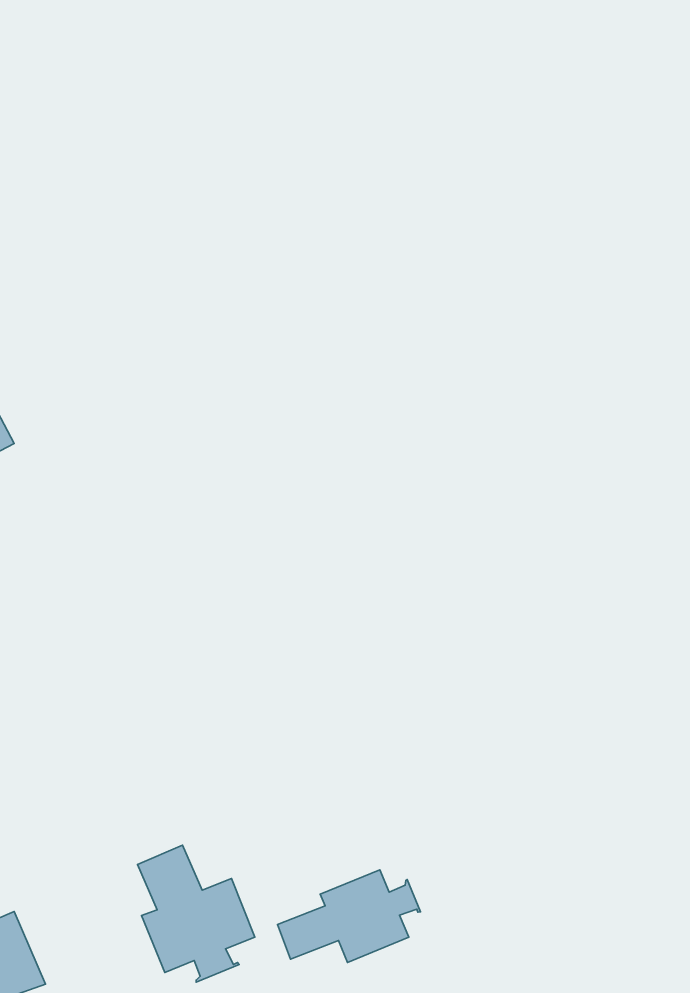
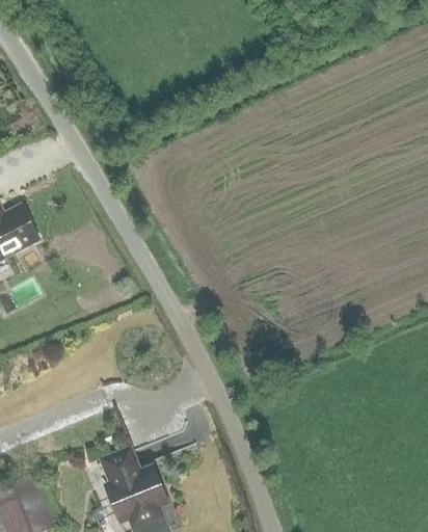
building: [277,870,421,963] -> none

